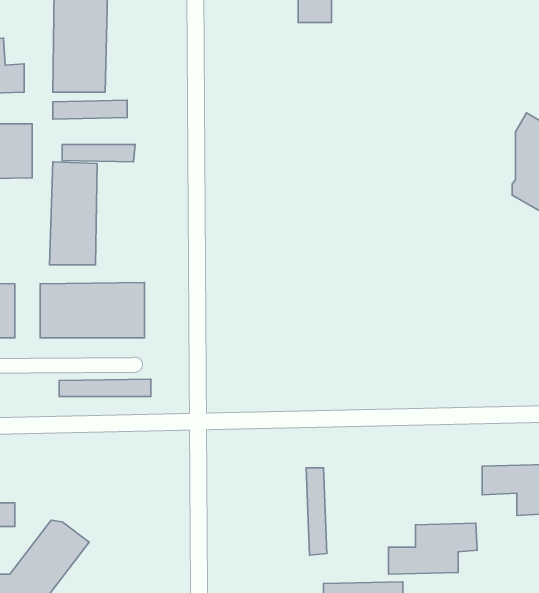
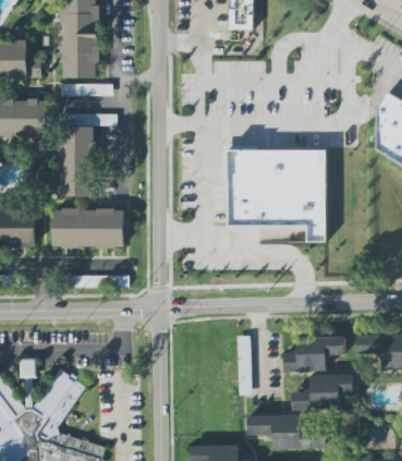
building: none -> [223,144,326,242]
building: none -> [283,336,345,372]

